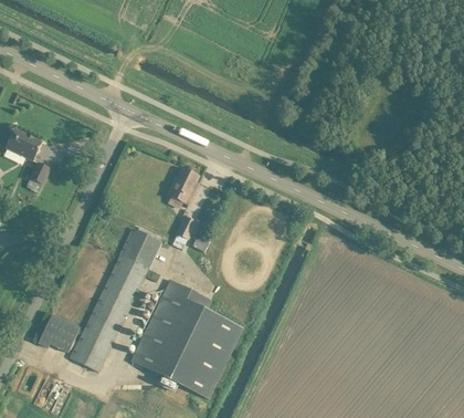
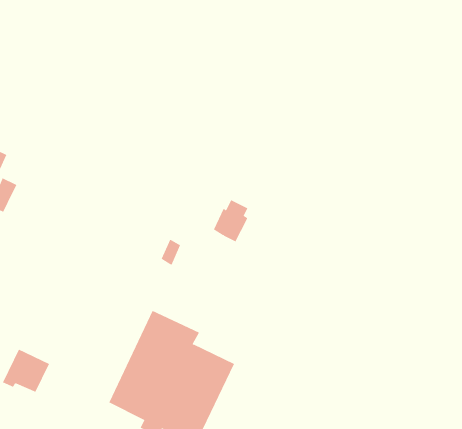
building: [167,167,198,205] -> [213,200,248,242]
building: [70,228,161,372] -> none

